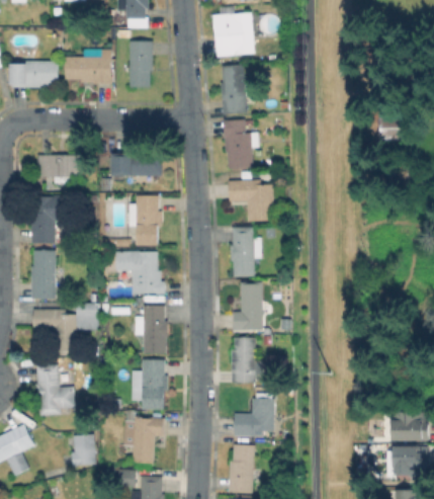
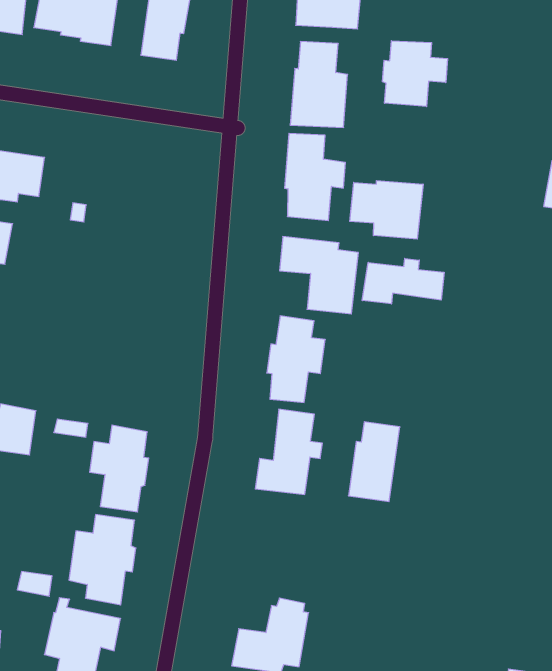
building: none -> [382,41,448,107]
building: none -> [350,181,423,239]
building: [111,153,162,183] -> none
building: none -> [362,258,444,304]
building: [128,195,162,246] -> none
building: [115,252,165,295] -> none
building: [231,337,255,382] -> [348,422,400,502]

